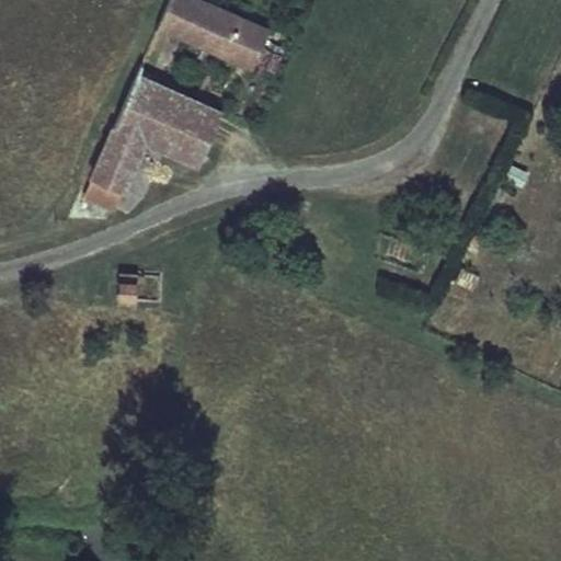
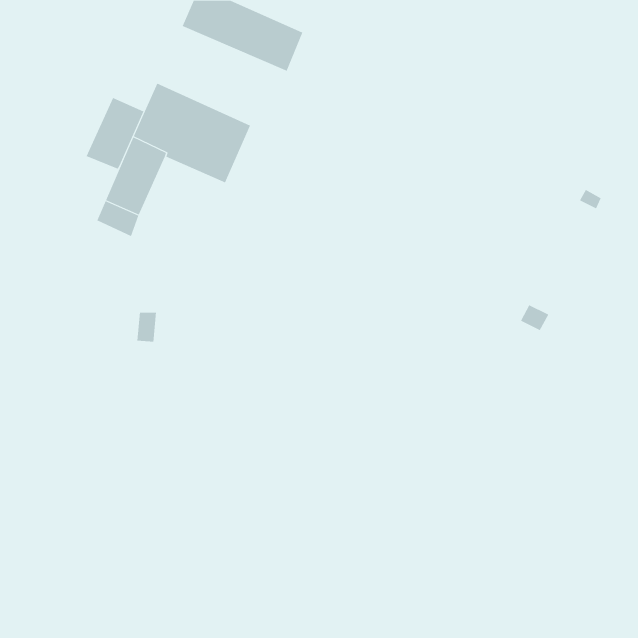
building: none -> [86,97,144,169]

